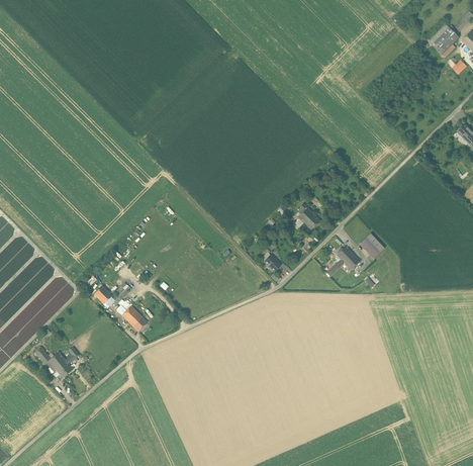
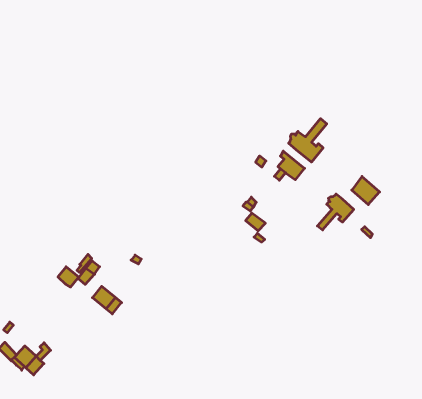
building: none -> [289,119,327,162]

